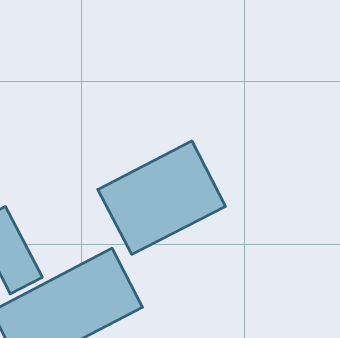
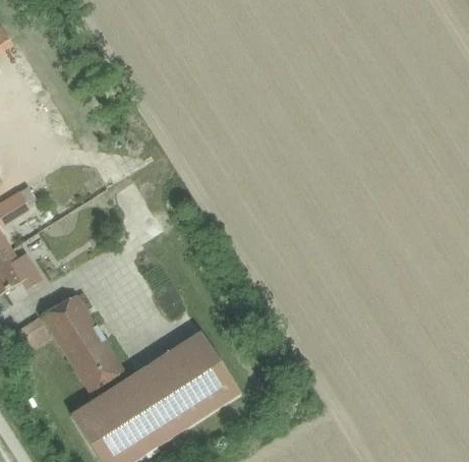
building: [98,141,225,254] -> none

